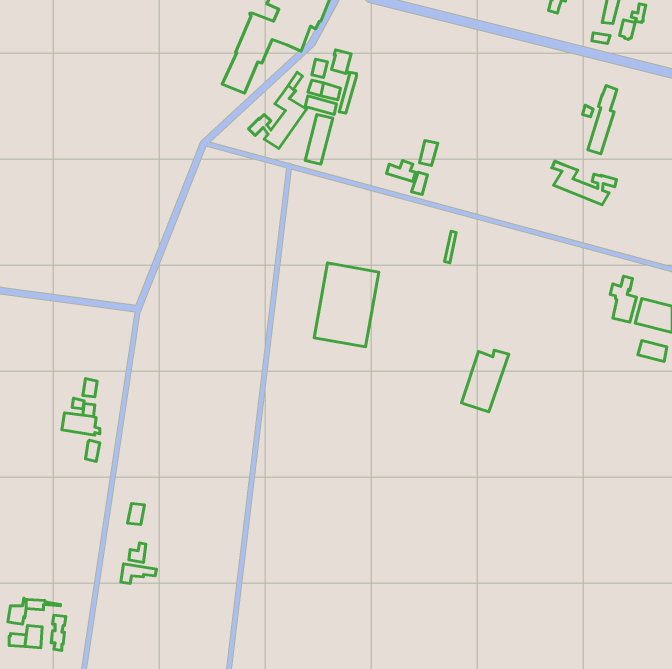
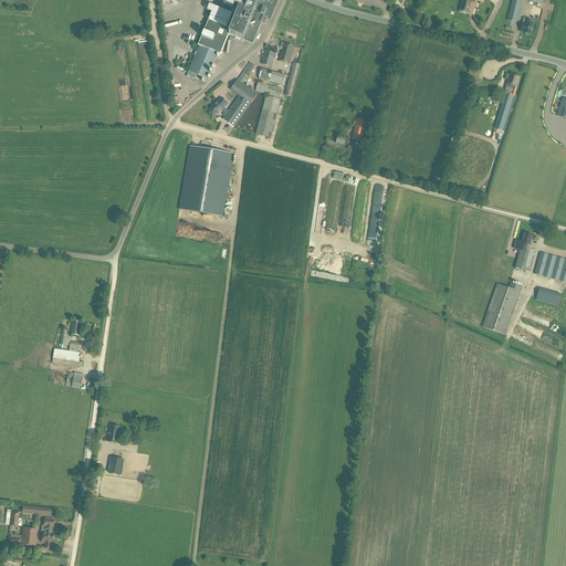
building: [551,161,617,205] -> none
building: [314,263,379,347] -> [179,144,233,214]
building: [461,350,509,412] -> [482,282,522,334]

